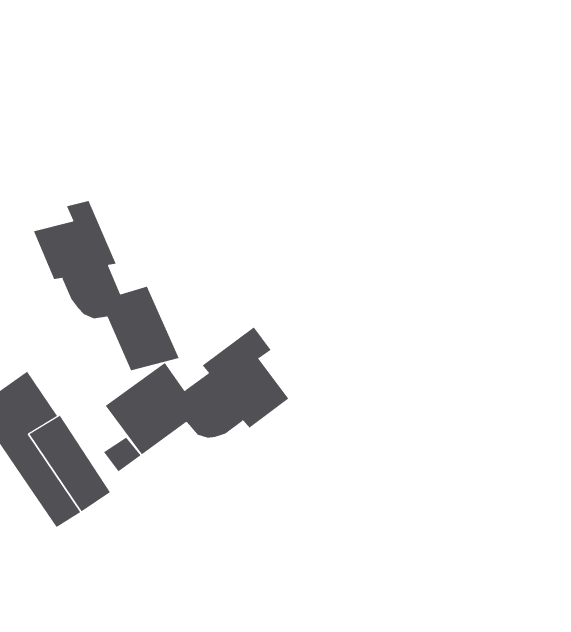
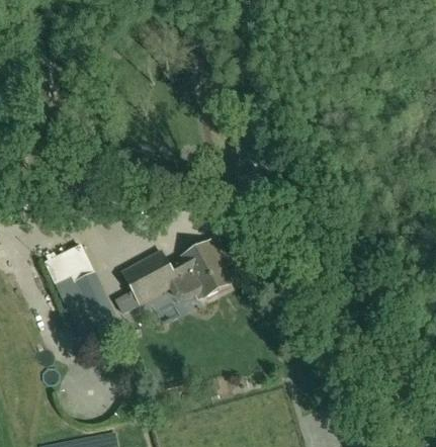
building: [33,200,180,371] -> none

